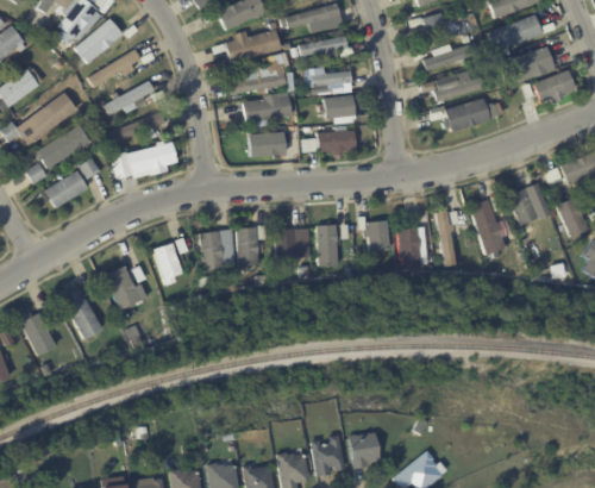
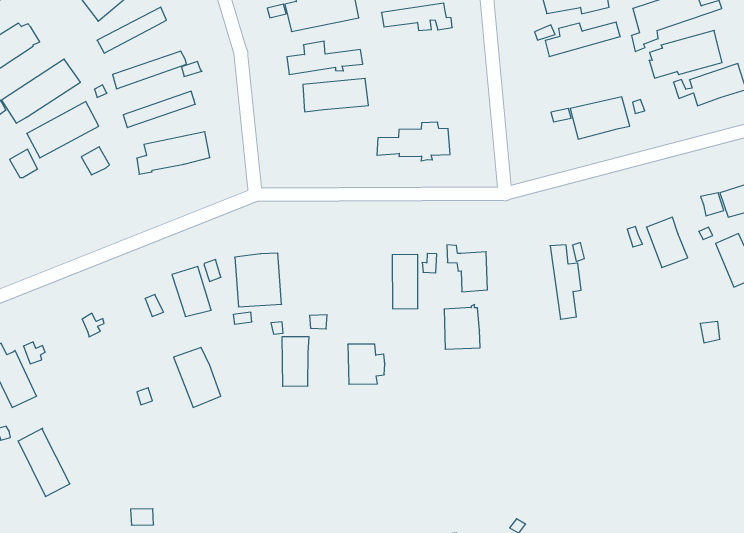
building: [308,69,353,94] -> none
building: [421,70,497,102] -> none
building: [318,95,356,118] -> none
building: [250,131,287,156] -> none
building: [42,170,90,208] -> none
building: [469,200,507,257] -> none
building: [399,225,427,259] -> [444,305,480,349]
building: [237,227,258,265] -> [282,337,309,386]
building: [275,229,303,259] -> [348,344,385,384]
building: [105,267,142,312] -> [174,347,221,407]
building: [63,289,104,340] -> [18,428,70,497]

